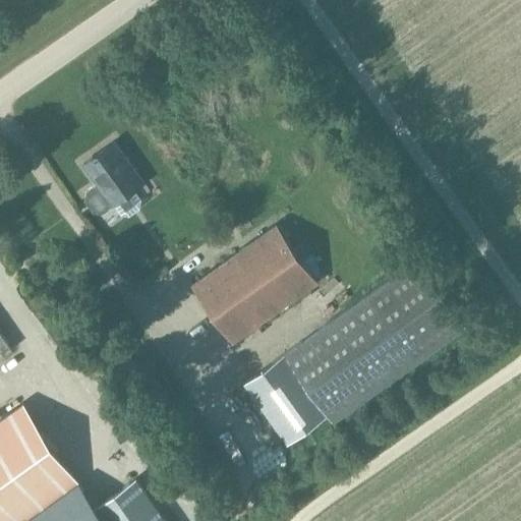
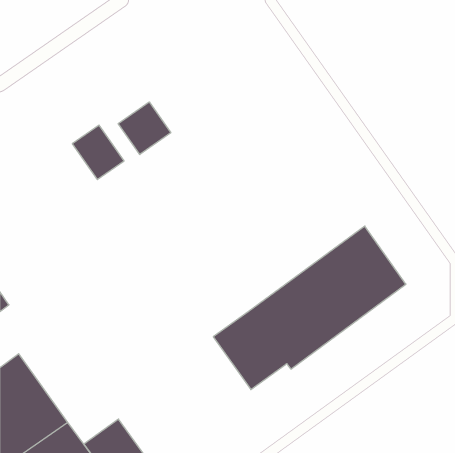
building: none -> [118,102,171,155]
building: [191,229,315,345] -> none

